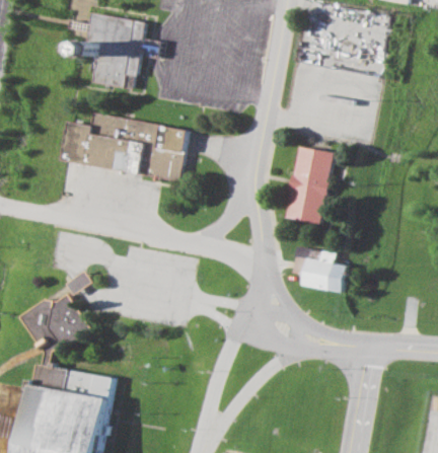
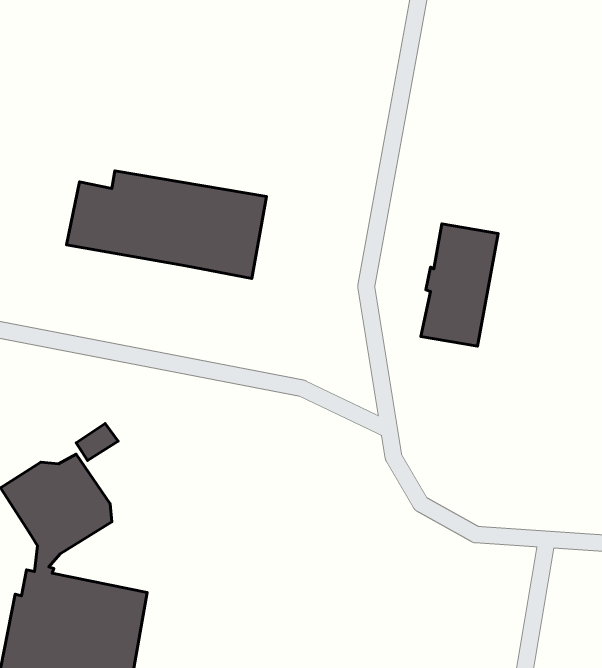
building: [72,13,160,89] -> none
building: [291,245,347,294] -> none

